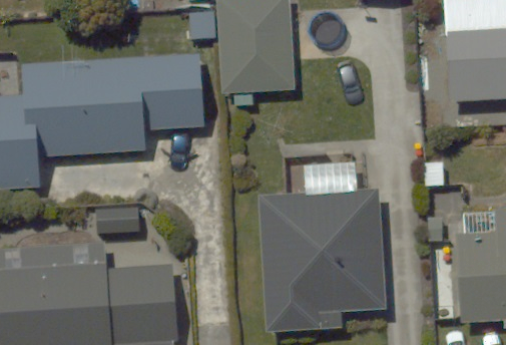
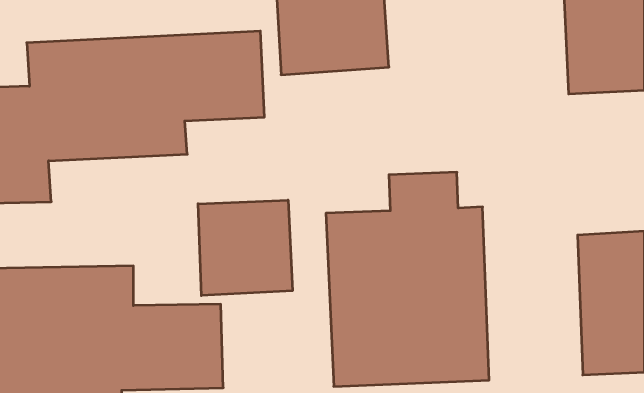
building: none -> [198,200,292,296]

